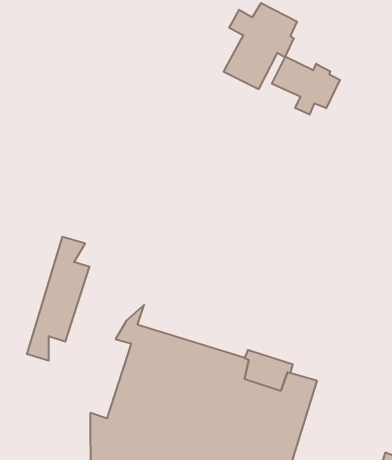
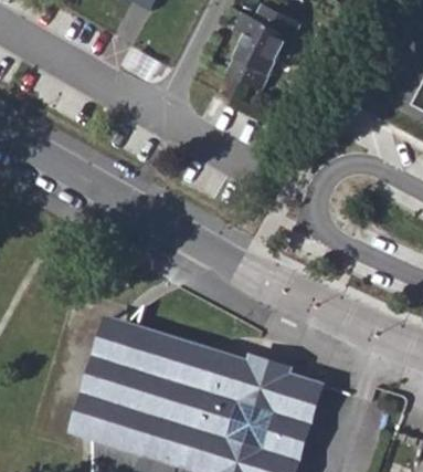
building: [272,56,340,115] -> none
building: [27,237,90,360] -> [70,315,133,439]

